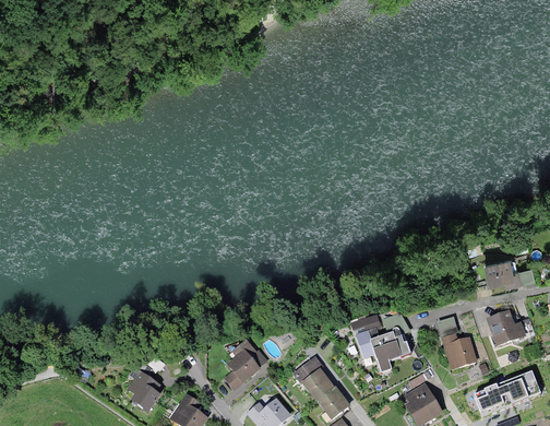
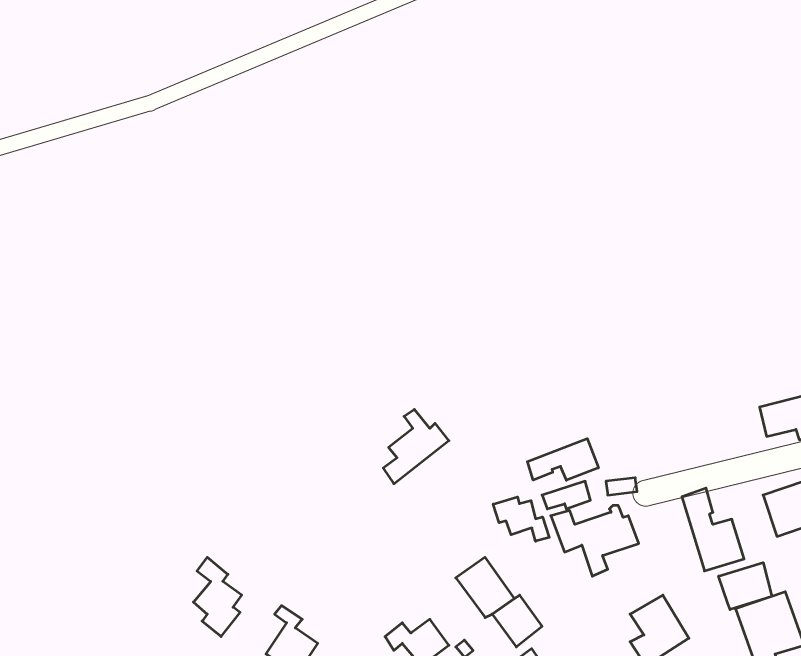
building: none -> [527,439,598,480]
building: none -> [493,497,549,541]
building: [225,342,266,389] -> [383,409,449,484]
building: none -> [719,563,772,610]

